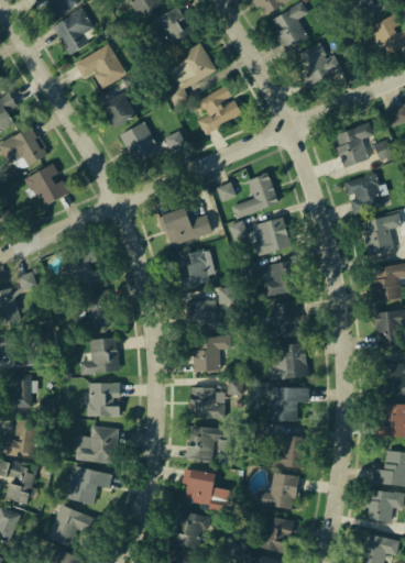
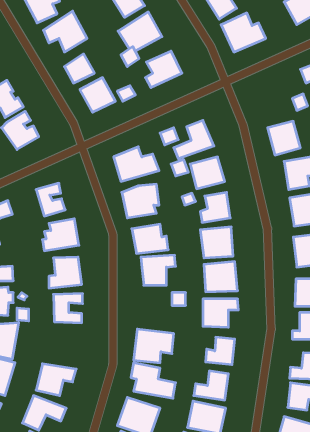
building: [333,123,373,167] -> none
building: [190,387,227,418] -> none
building: [77,426,120,464] -> none

